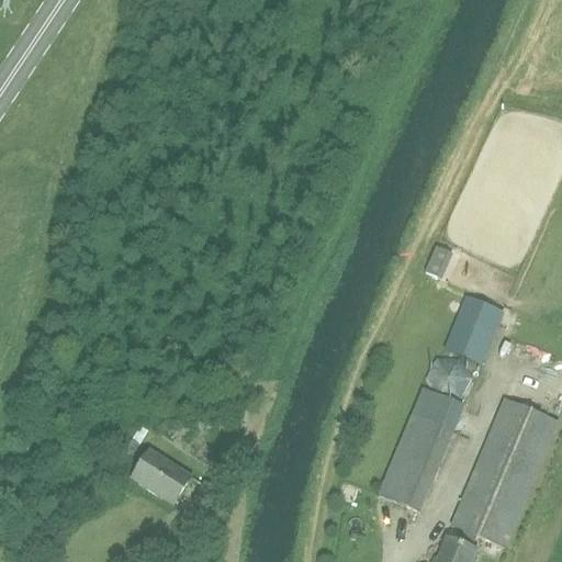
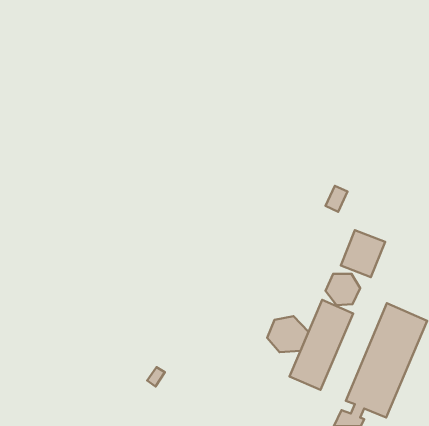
building: none -> [267,316,308,352]
building: [133,448,192,503] -> none

